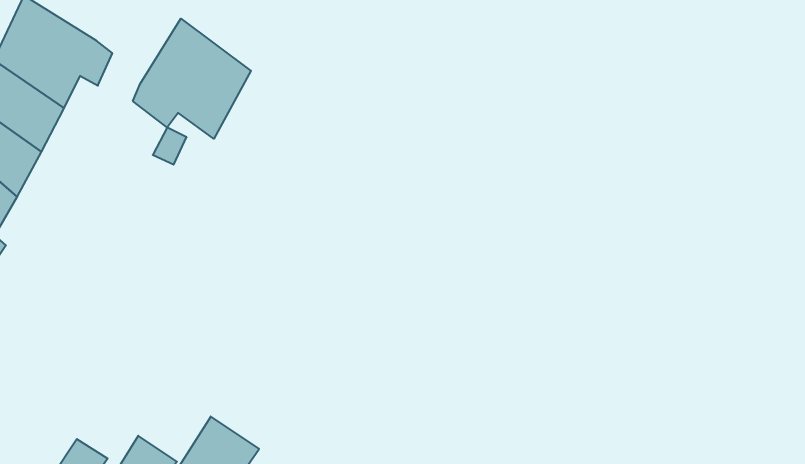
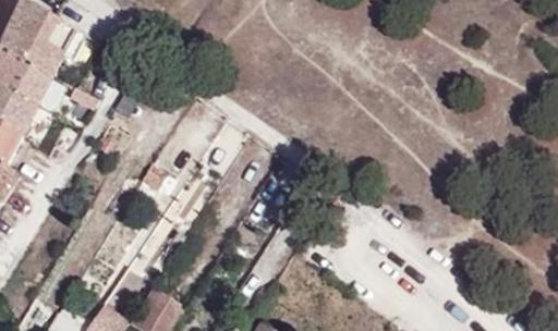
building: [133,19,251,139] -> none

